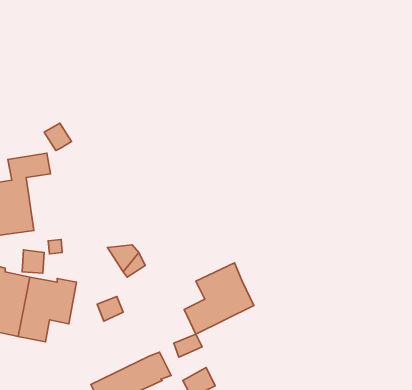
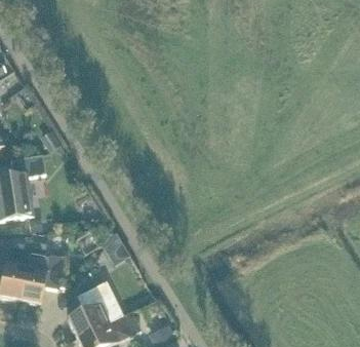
building: [184,263,254,334] -> [67,281,122,338]

